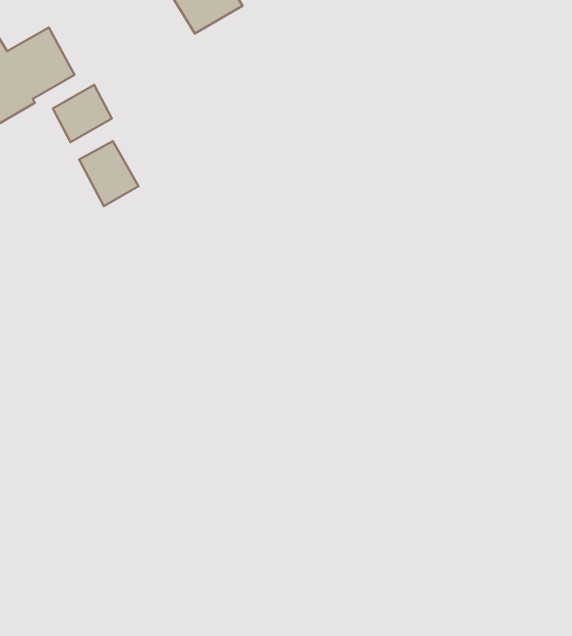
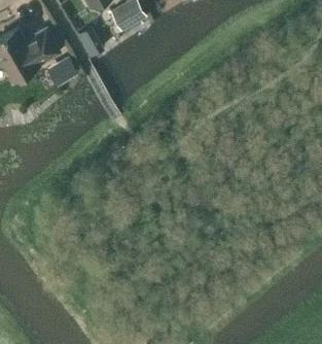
building: [79,141,138,206] -> none

